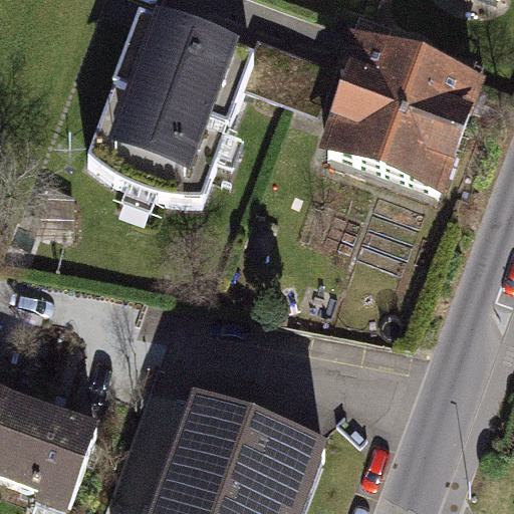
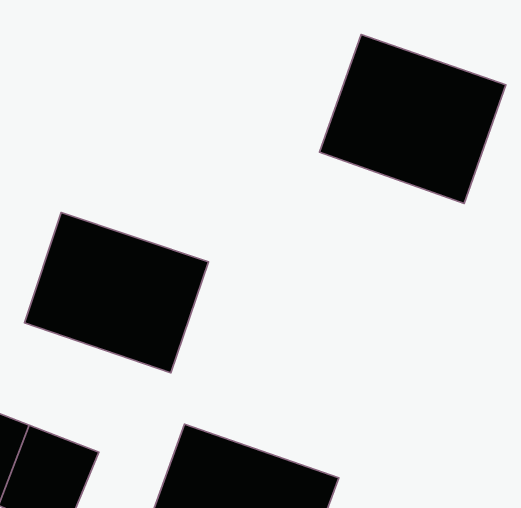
building: [97,23,244,185] -> none
building: none -> [24,213,209,373]

